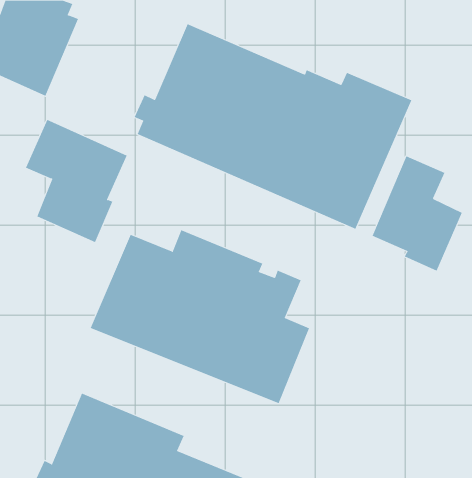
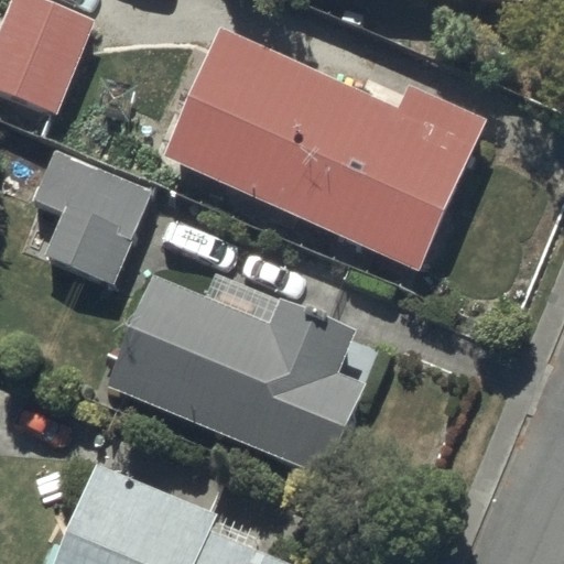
building: [372,156,462,271] -> none

